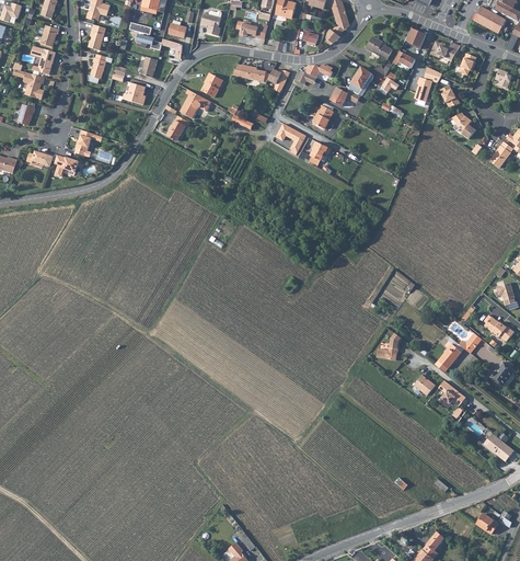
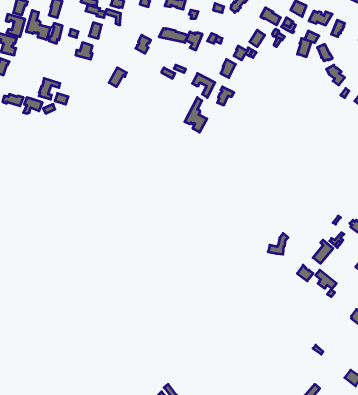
building: none -> [26,10,50,40]
building: [180,91,211,117] -> none
building: none -> [185,97,207,132]

